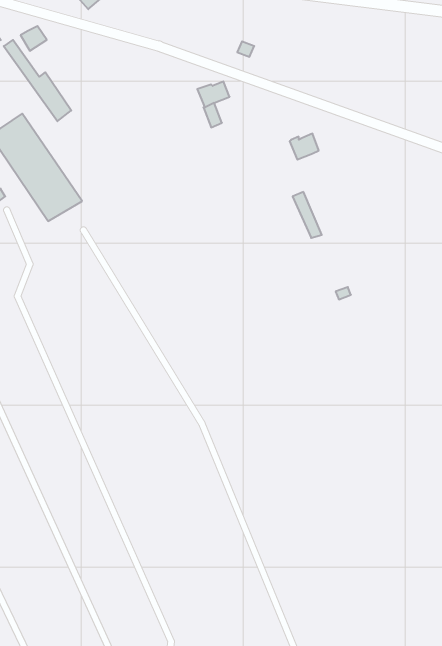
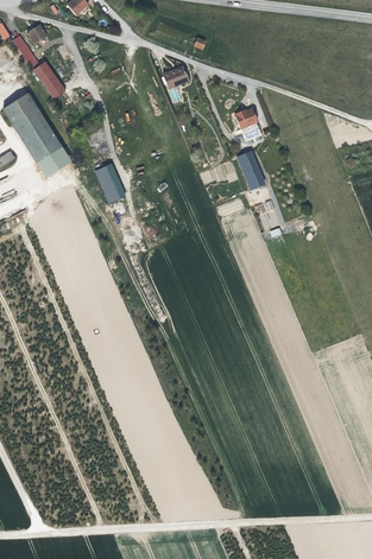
building: none -> [95,163,126,203]

